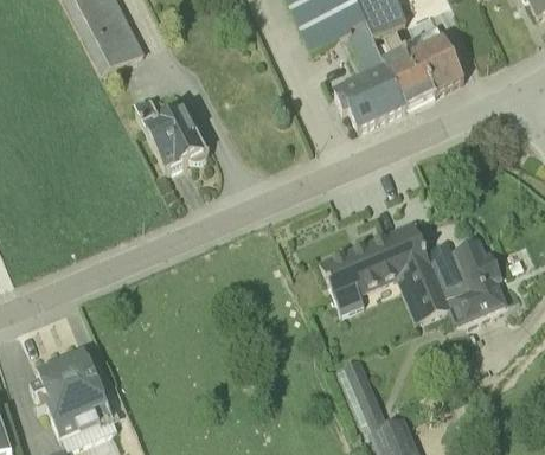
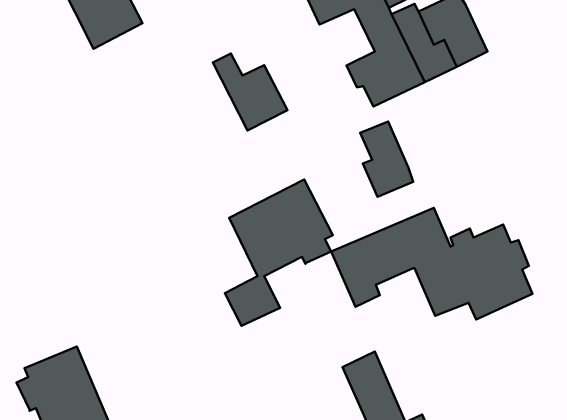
building: [135,97,204,168] -> [213,54,287,131]
building: none -> [360,121,413,197]
building: none -> [225,179,333,326]

